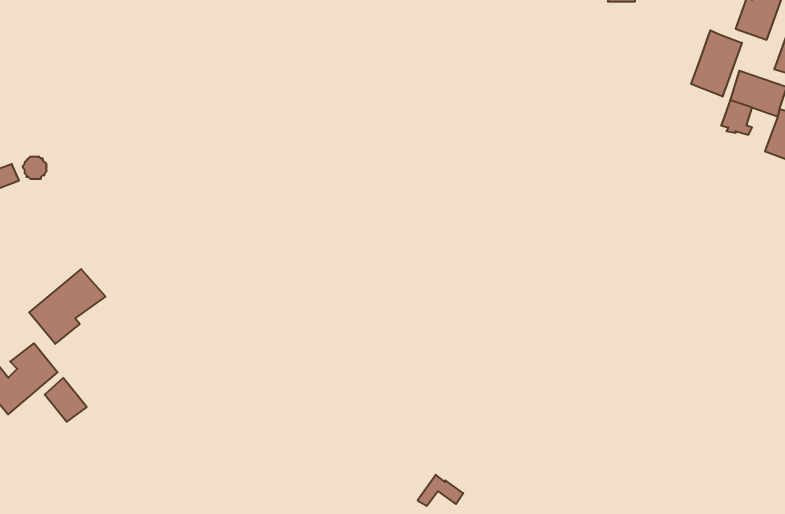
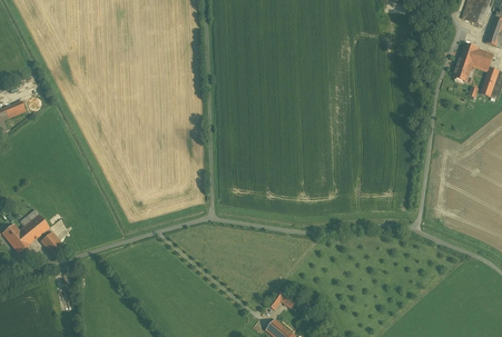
building: [691,30,742,97] -> none
building: [29,269,105,344] -> none

